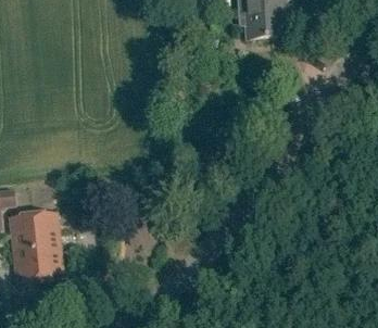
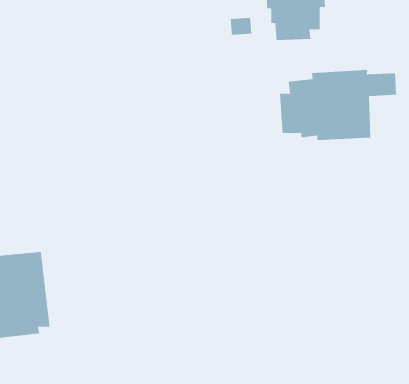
building: none -> [279,69,397,141]

